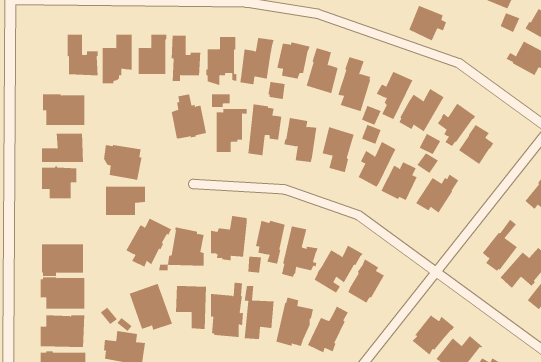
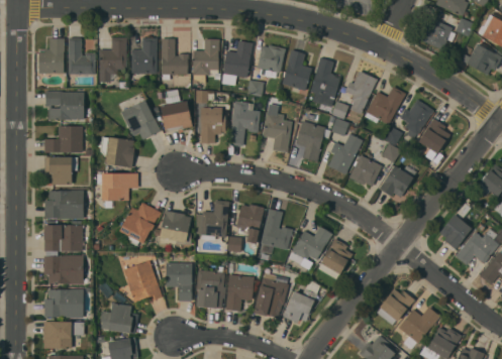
building: [408,5,447,41] -> [421,18,456,50]
building: none -> [38,38,65,73]
building: none -> [121,100,161,139]
building: none -> [44,190,84,219]

